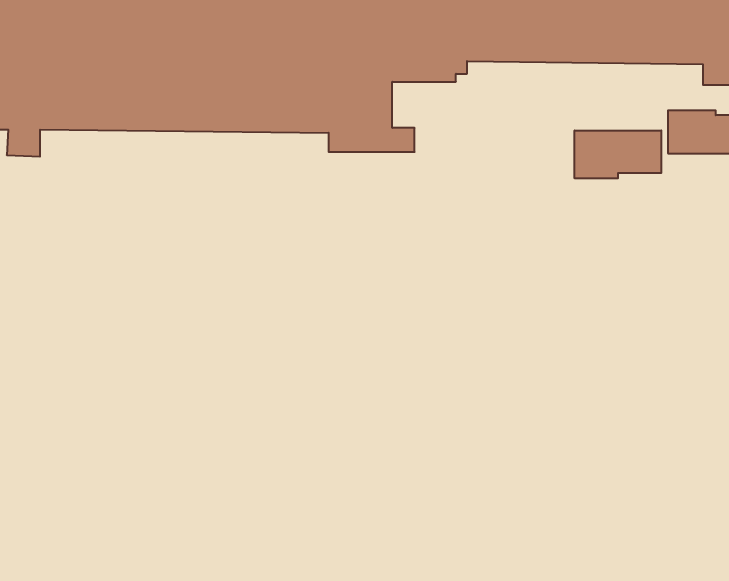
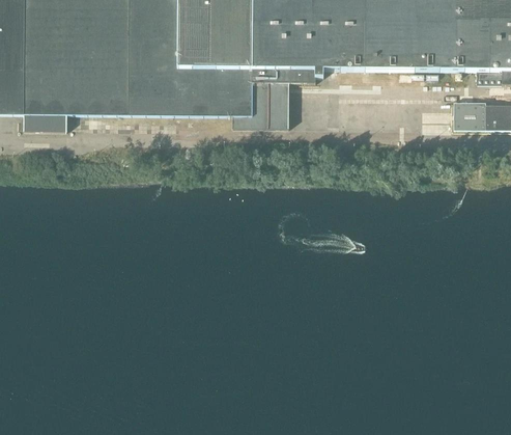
building: [575,130,661,178] -> none

